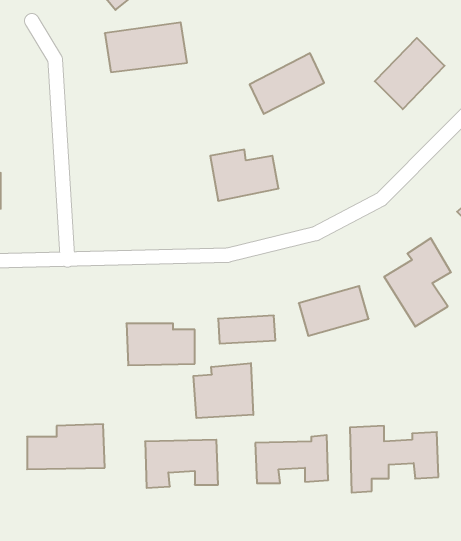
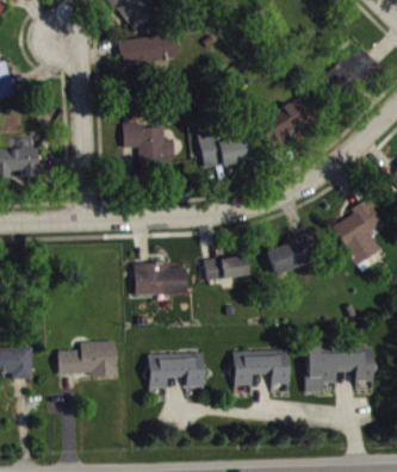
building: [250,53,324,114] -> [255,99,312,145]
building: none -> [122,116,175,163]
building: [193,363,253,418] -> none

